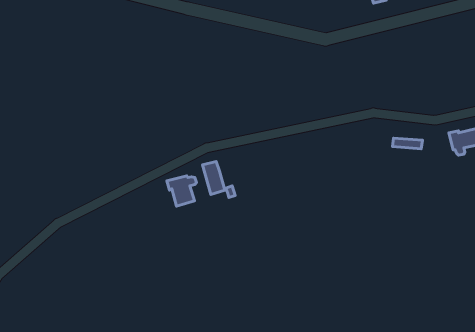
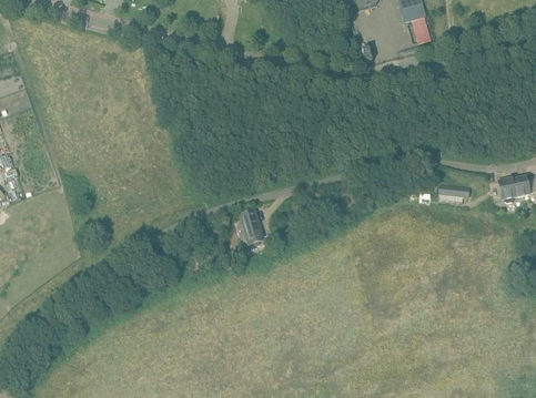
building: [167,176,196,206] -> none

